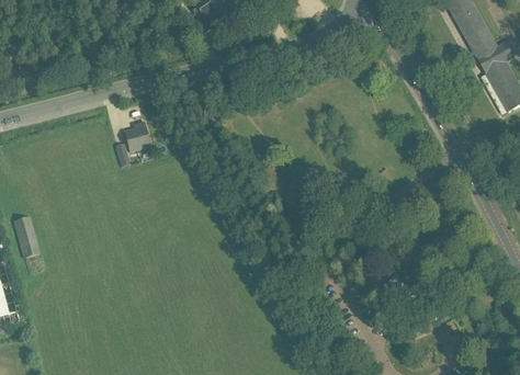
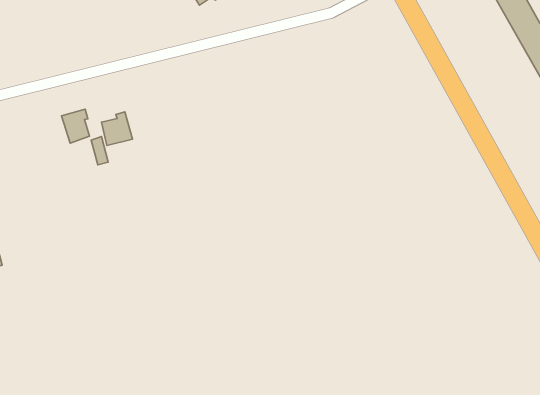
building: none -> [61,109,90,143]

